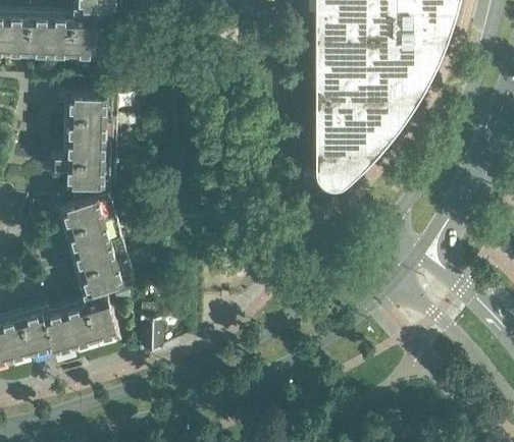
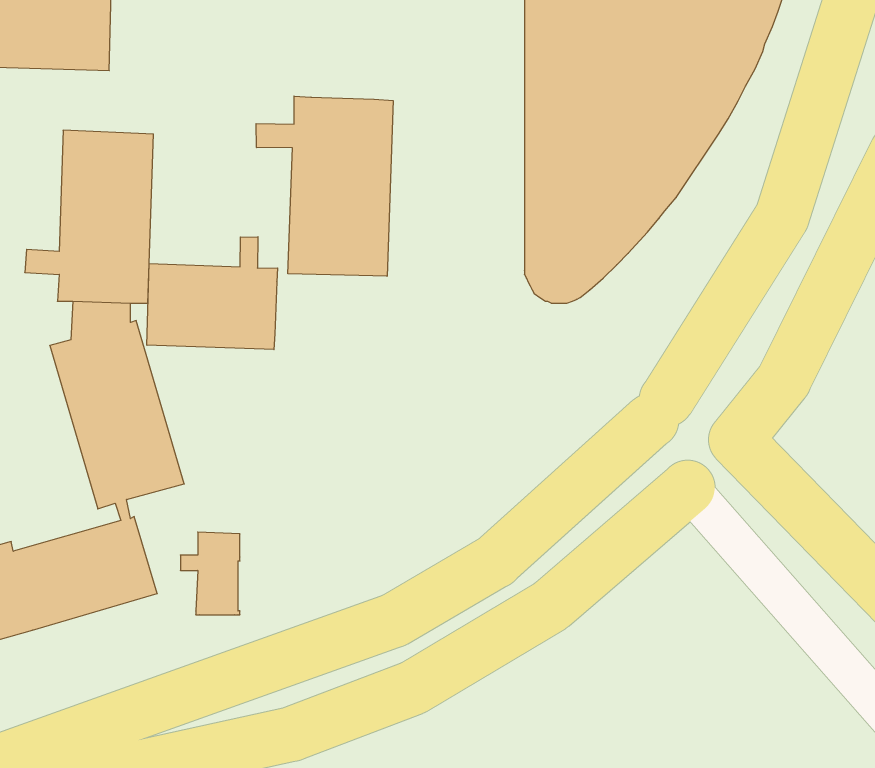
building: none -> [256,96,393,276]
building: none -> [147,237,278,350]

